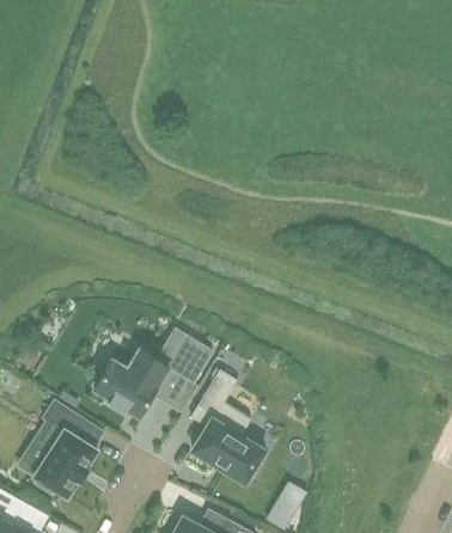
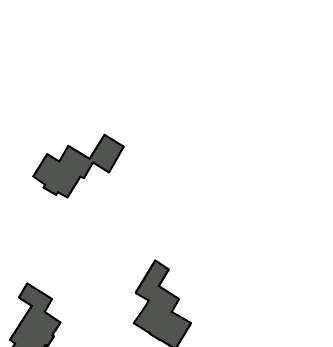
building: [93,336,210,417] -> [33,135,124,198]

